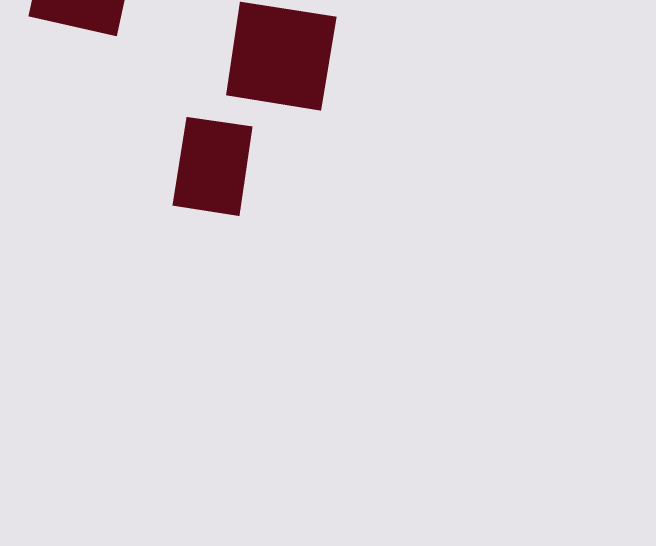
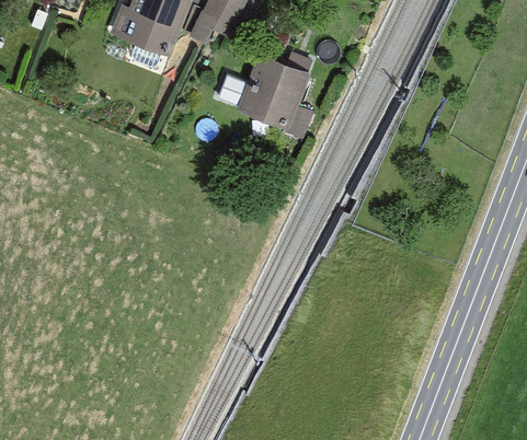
building: [172,116,253,217] -> none

